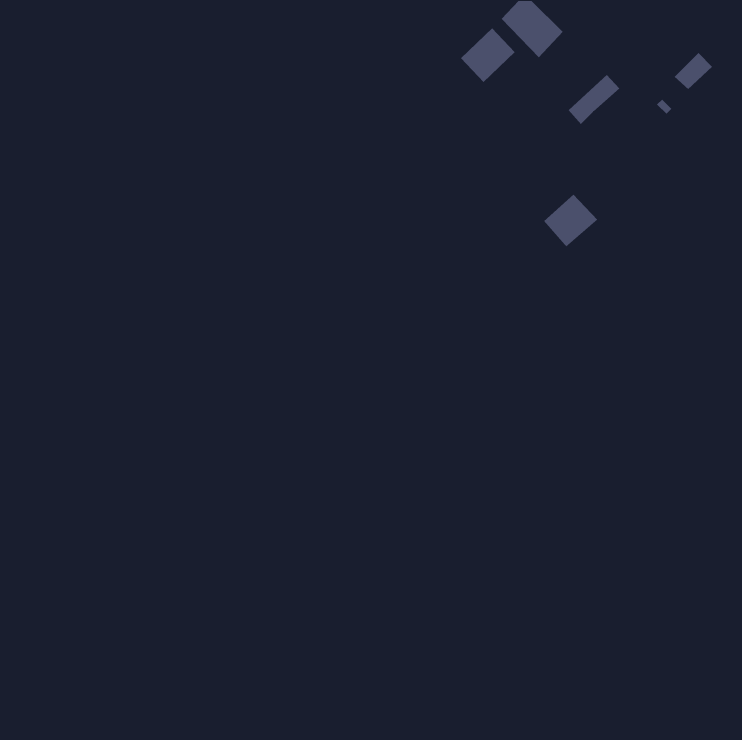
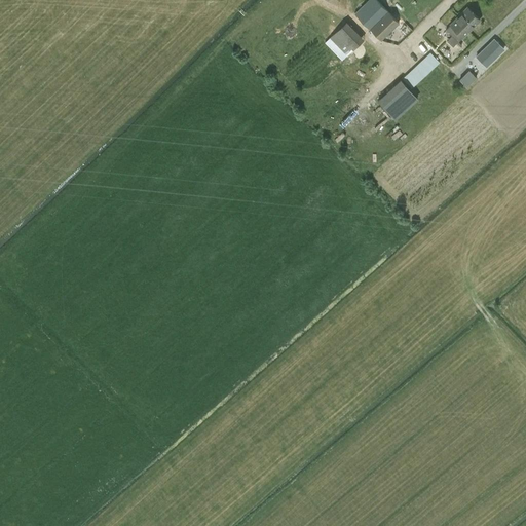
building: none -> [445,8,480,48]
building: [543,194,598,247] -> [378,81,417,119]

